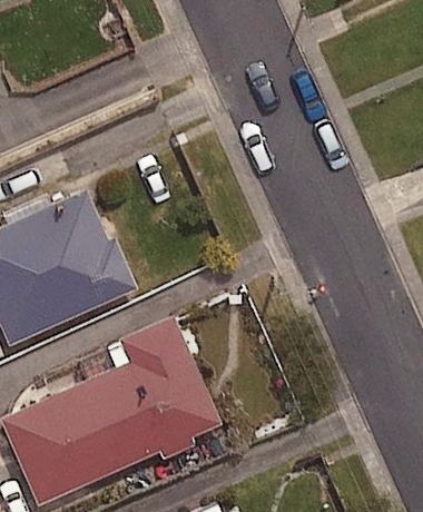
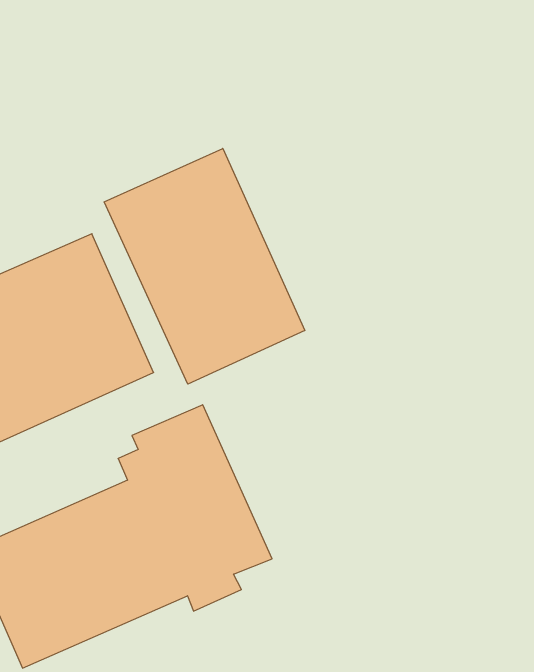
building: none -> [104,148,305,384]

